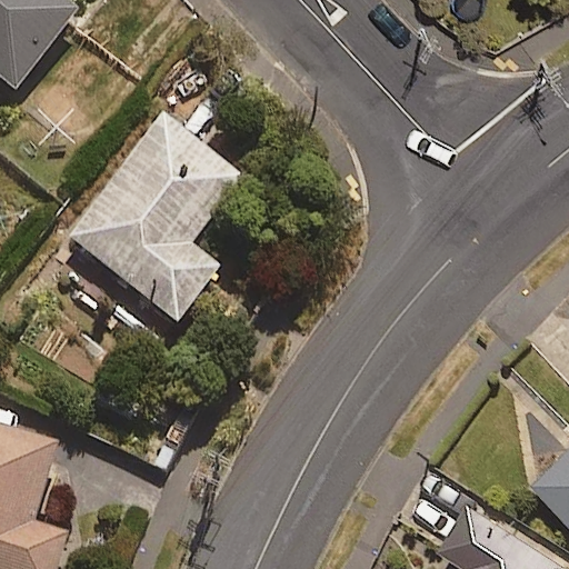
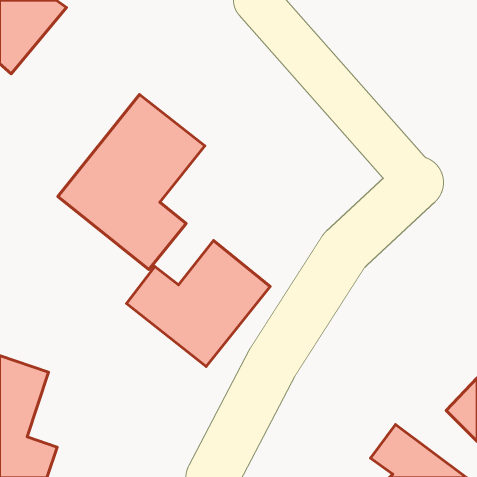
building: none -> [126,241,270,367]

